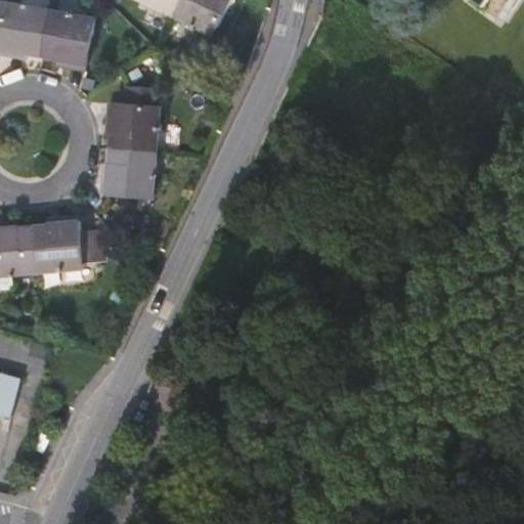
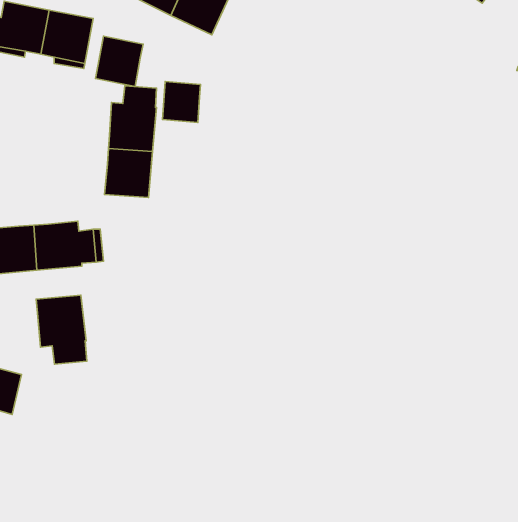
building: none -> [96,36,143,87]
building: none -> [163,82,200,122]
building: none -> [36,295,87,364]

